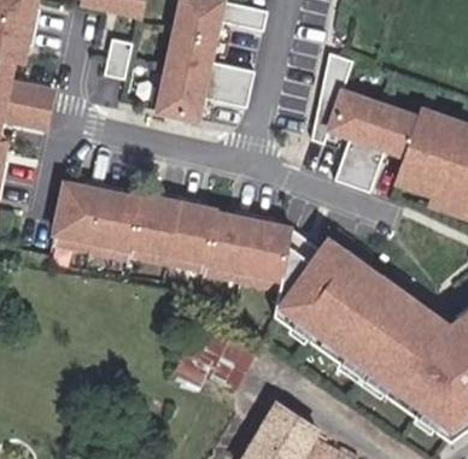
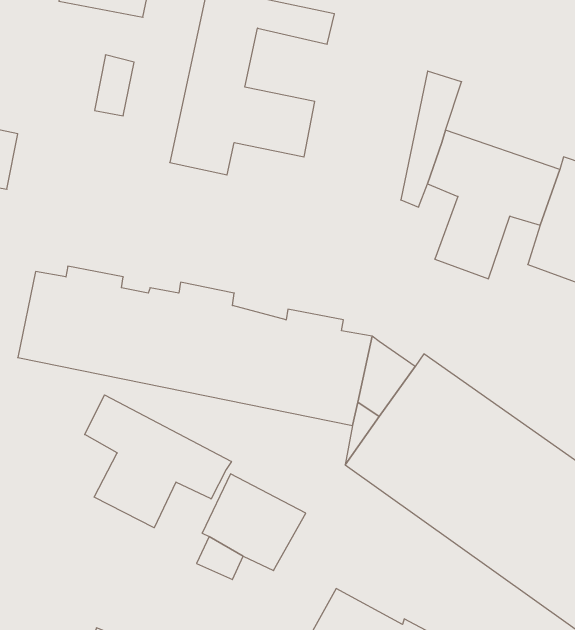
building: none -> [85,395,231,528]

